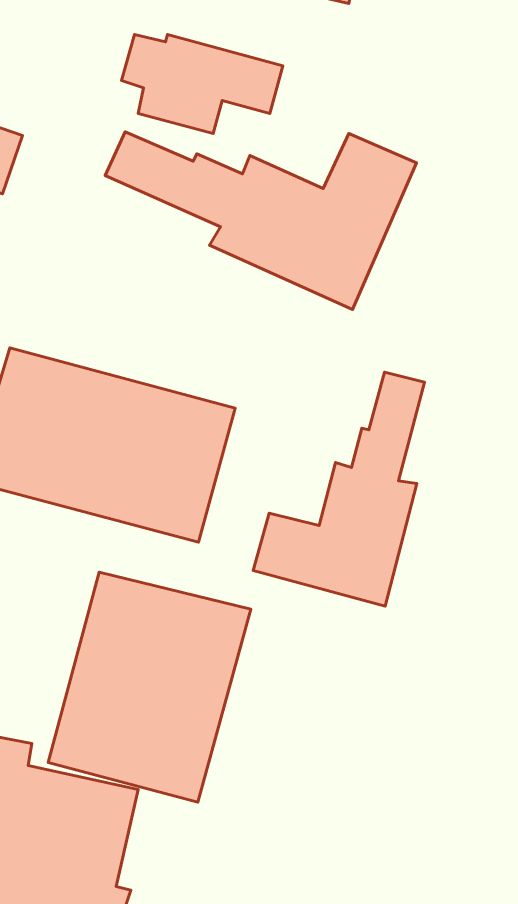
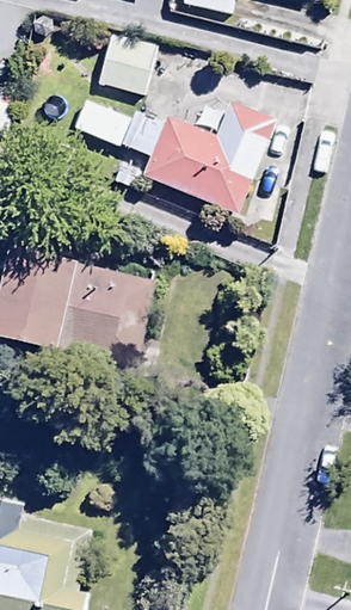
building: [253,372,424,606] -> none
building: [48,572,251,802] -> none

